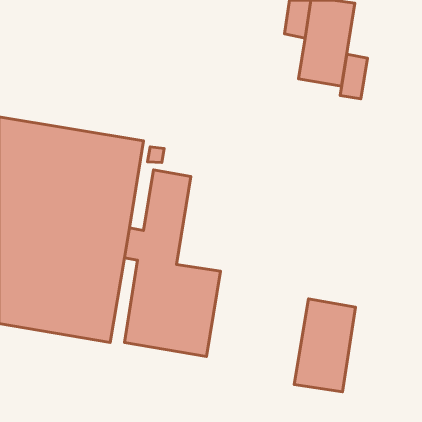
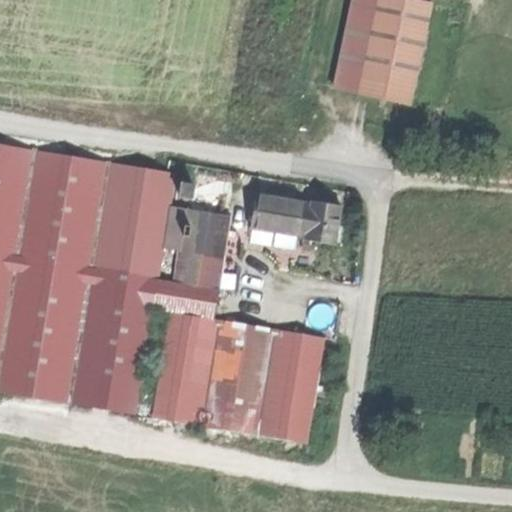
building: [340,54,367,99] -> [335,43,368,97]
building: none -> [251,193,341,244]
building: [294,299,356,392] -> [249,329,323,441]

